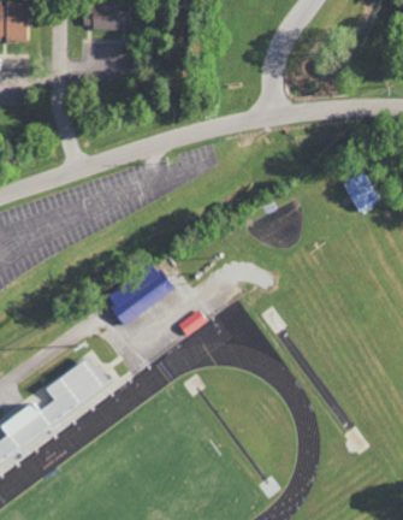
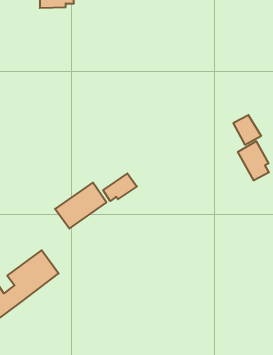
building: none -> [238,141,269,180]
building: none -> [103,173,137,201]

